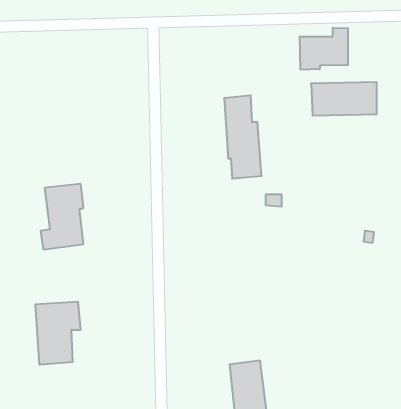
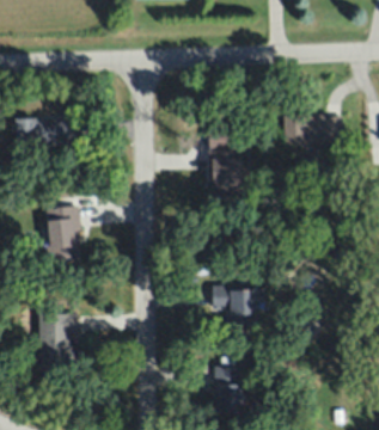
building: [300,28,348,70] -> none
building: none -> [17,118,77,142]
building: none -> [210,282,268,325]

